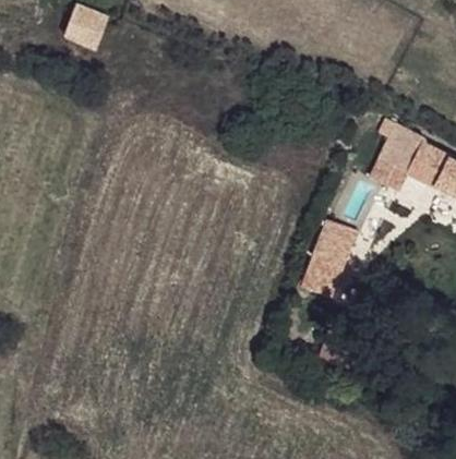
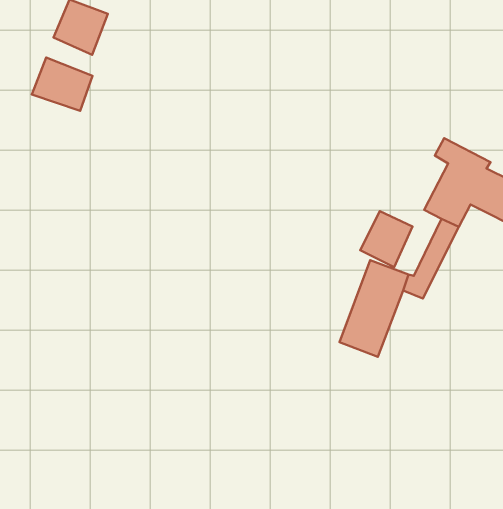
building: none -> [32,58,92,111]
building: none -> [360,211,413,267]

